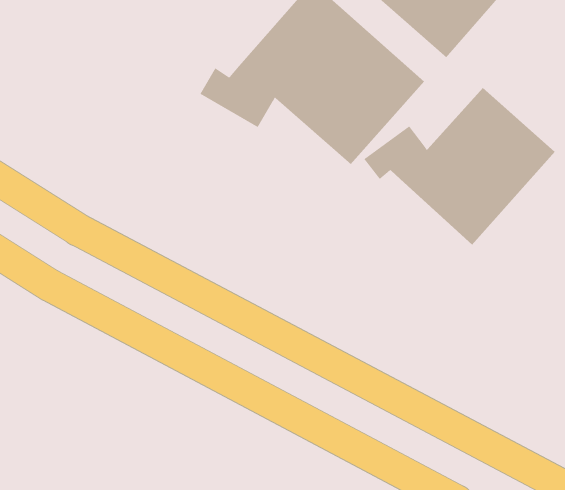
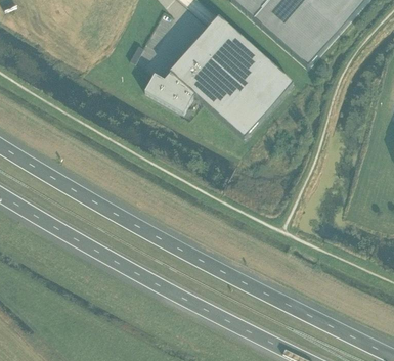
building: [364,87,555,245] -> none

